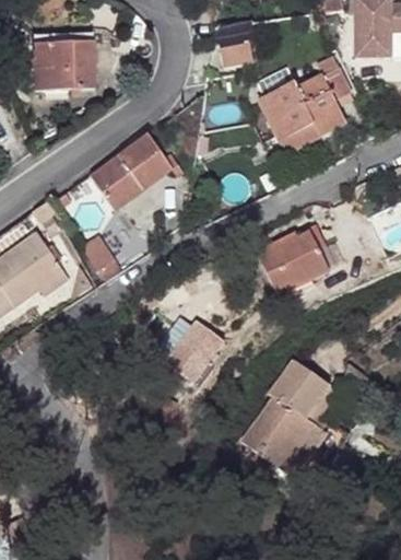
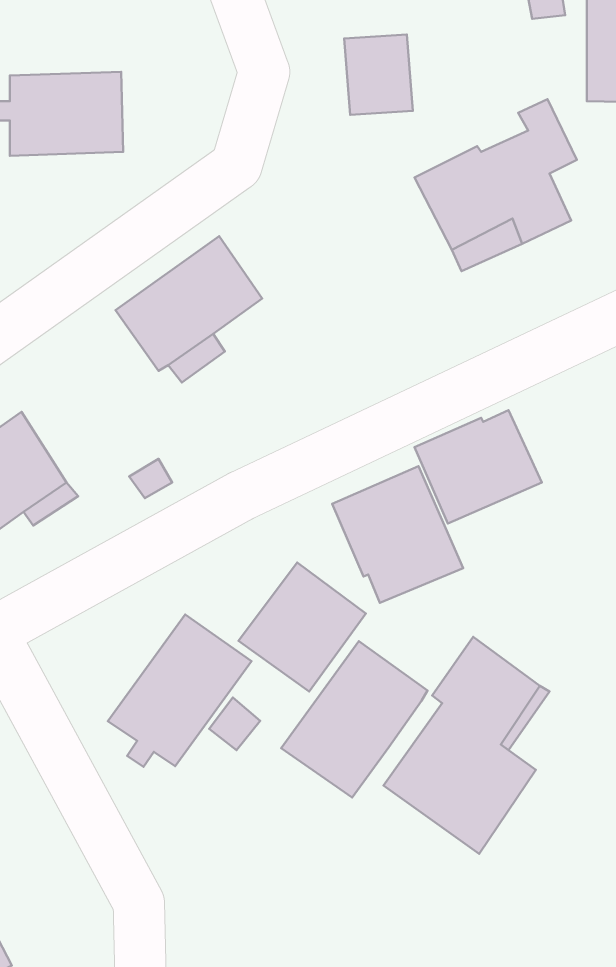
building: none -> [332,466,463,603]
building: none -> [108,614,251,767]
building: none -> [281,641,427,798]

